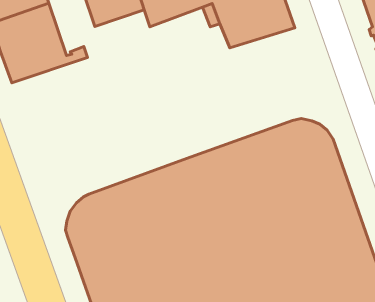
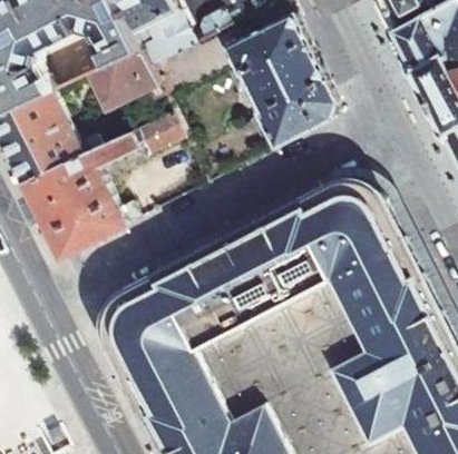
building: none -> [257,80,341,150]
building: none -> [29,109,189,258]

